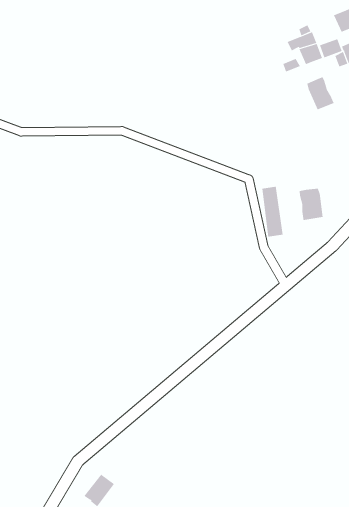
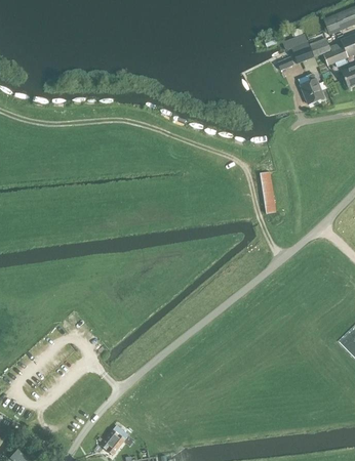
building: [299,188,323,221] -> none

